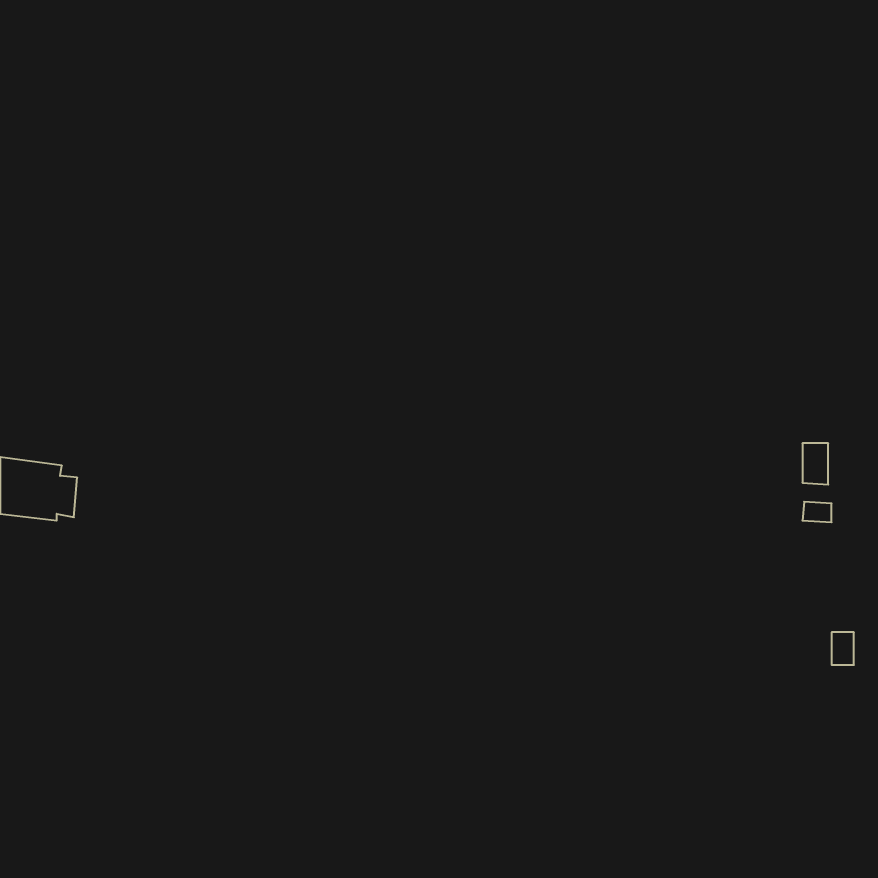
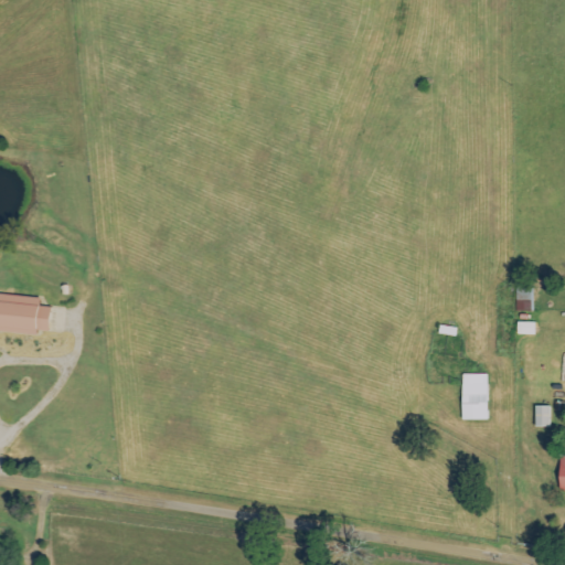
building: none -> [460,374,487,420]

